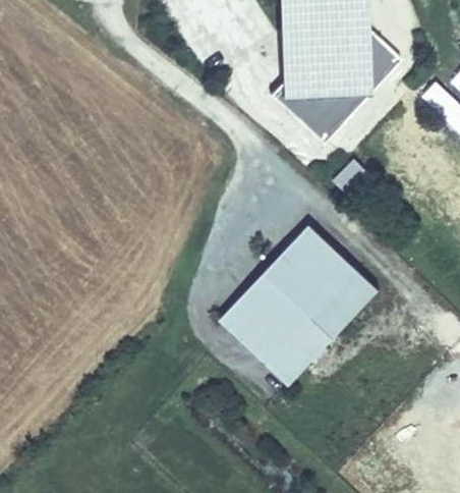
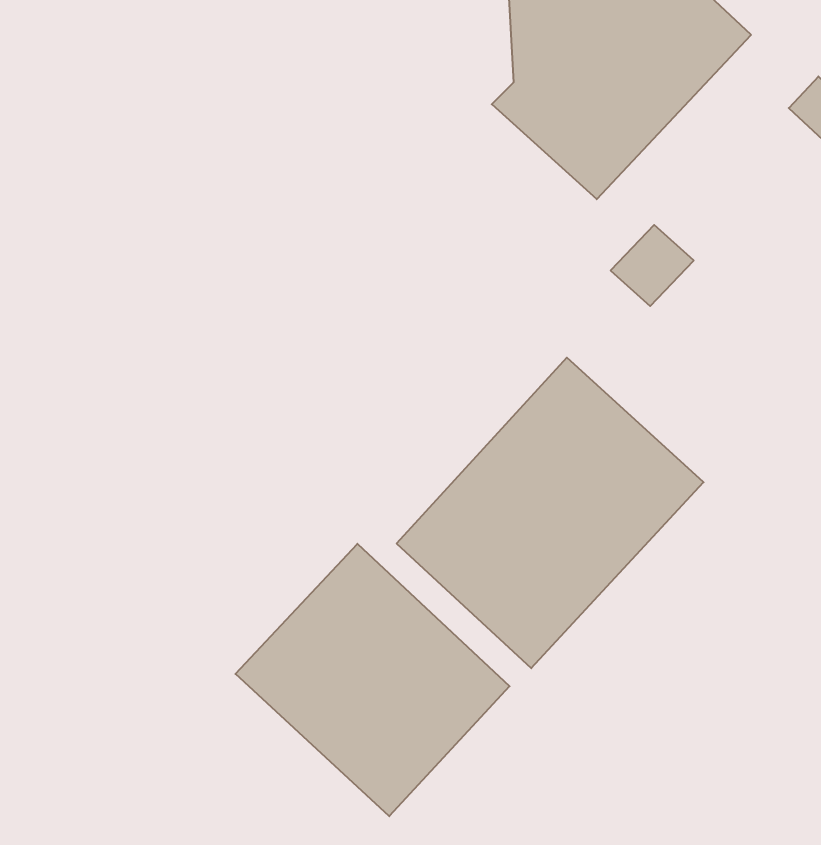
building: none -> [235,544,510,816]

